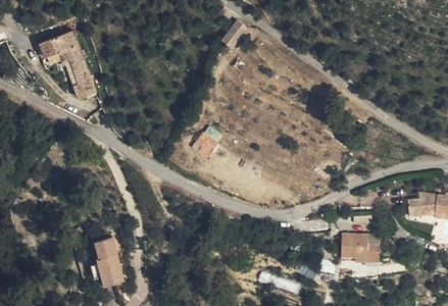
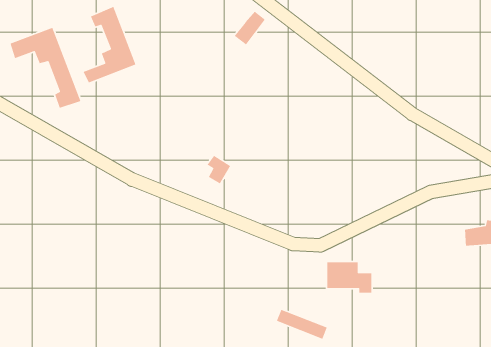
building: none -> [83,6,136,84]
building: [343,233,381,259] -> [326,261,372,294]
building: [91,239,125,289] -> none

